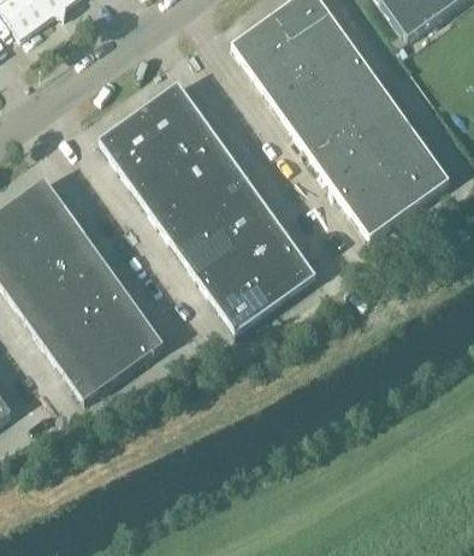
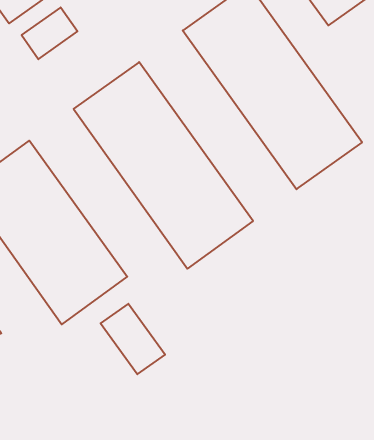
building: none -> [22,7,77,59]
building: none -> [101,304,165,374]

